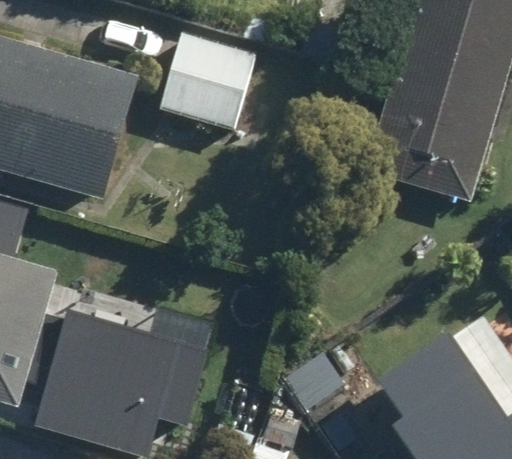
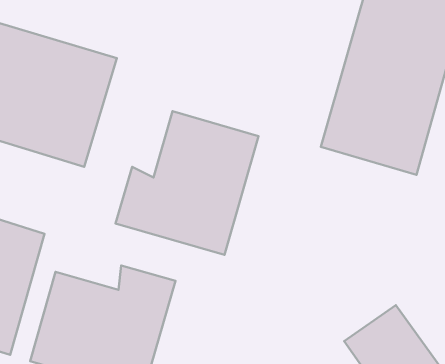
building: [159,31,257,129] -> none
building: none -> [116,111,259,255]

